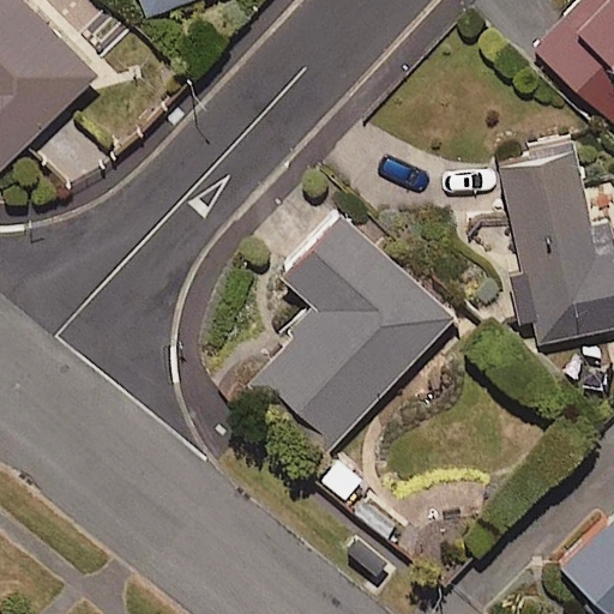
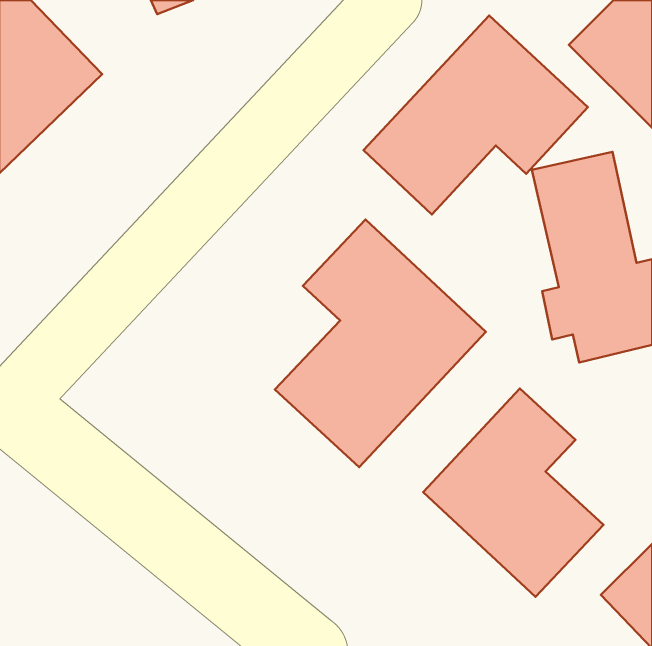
building: none -> [363,15,588,215]
building: none -> [423,389,603,597]

